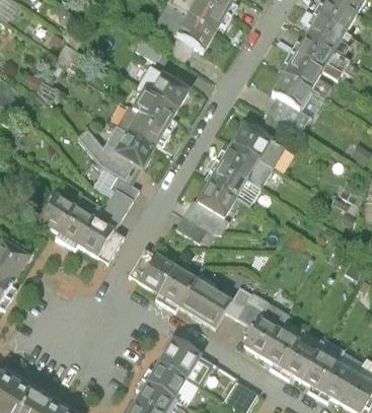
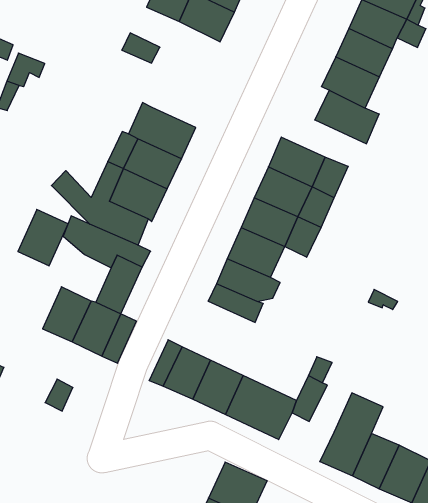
building: [153,70,194,107] -> none
building: [41,193,77,232] -> [18,209,68,266]
building: [236,291,268,326] -> none

